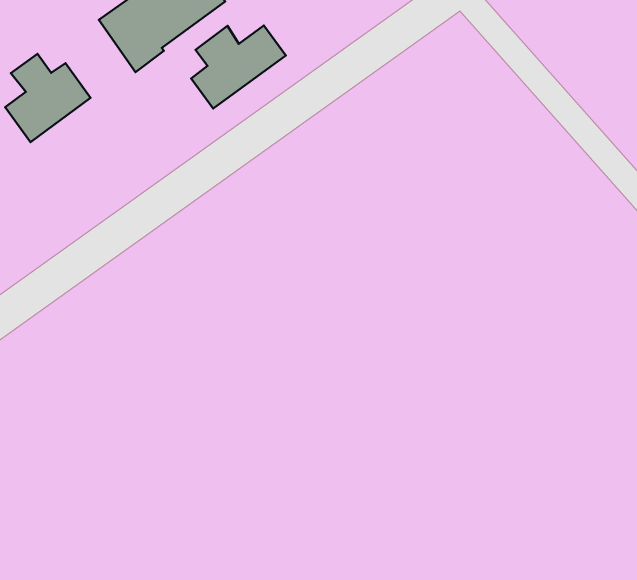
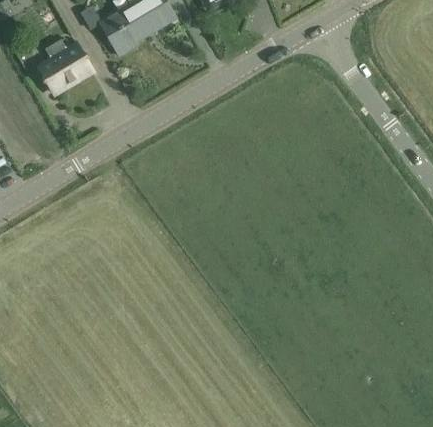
building: [191,26,286,108] -> none

